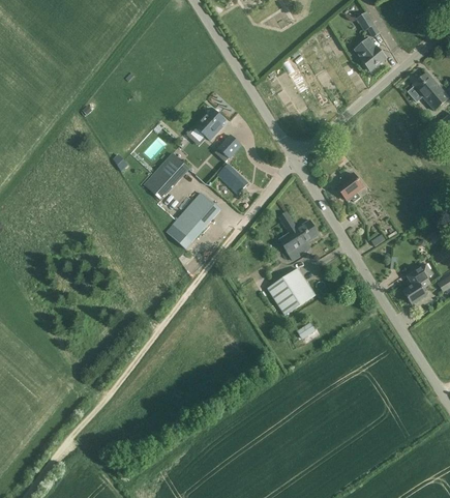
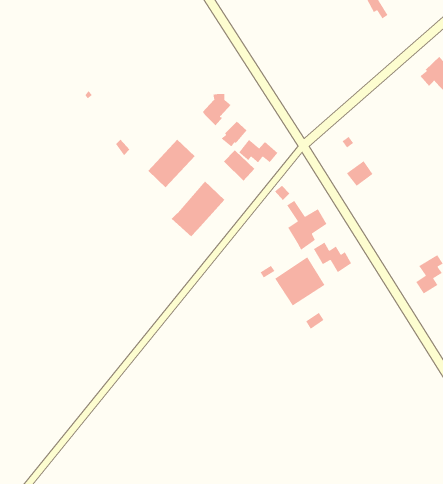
building: [355,38,385,69] -> none
building: none -> [238,139,279,163]
building: none -> [313,242,352,273]

